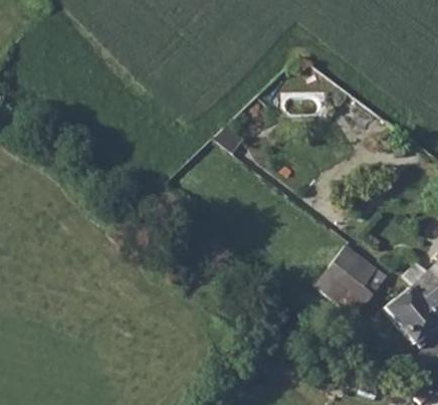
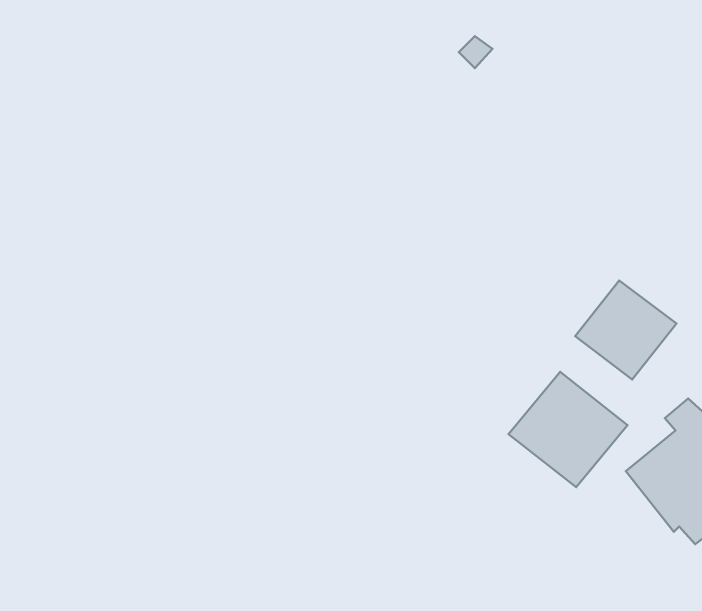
building: none -> [575,281,676,379]

